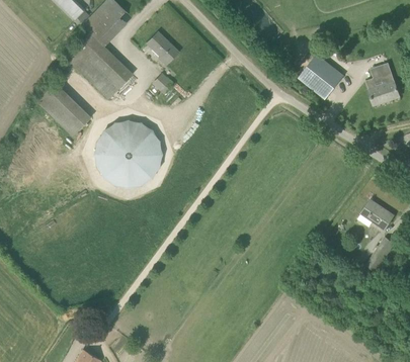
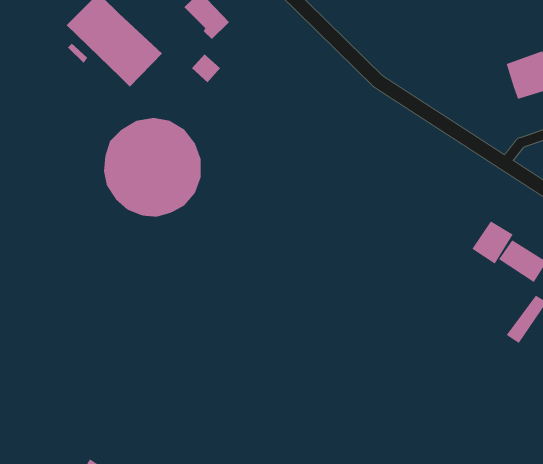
building: [299,55,343,99] -> none
building: [36,82,90,135] -> none
building: none -> [471,220,513,264]

